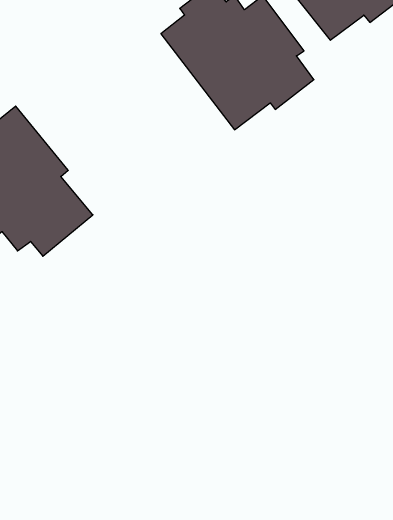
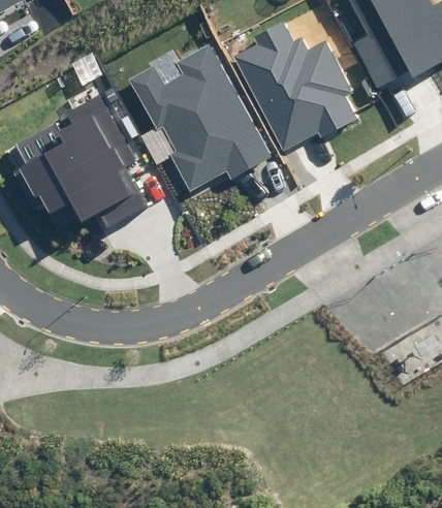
building: none -> [127,42,272,191]

